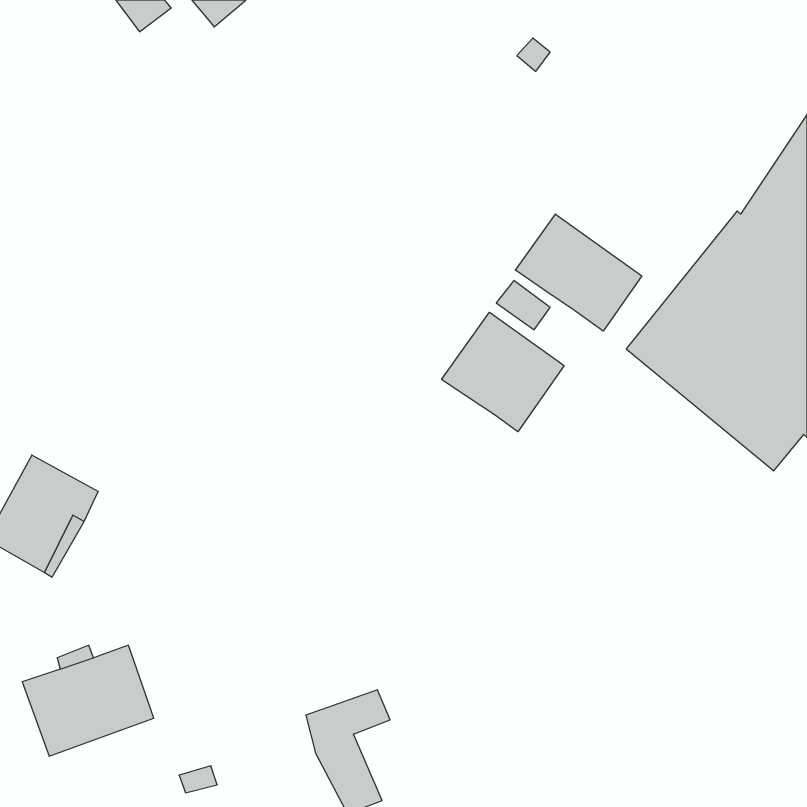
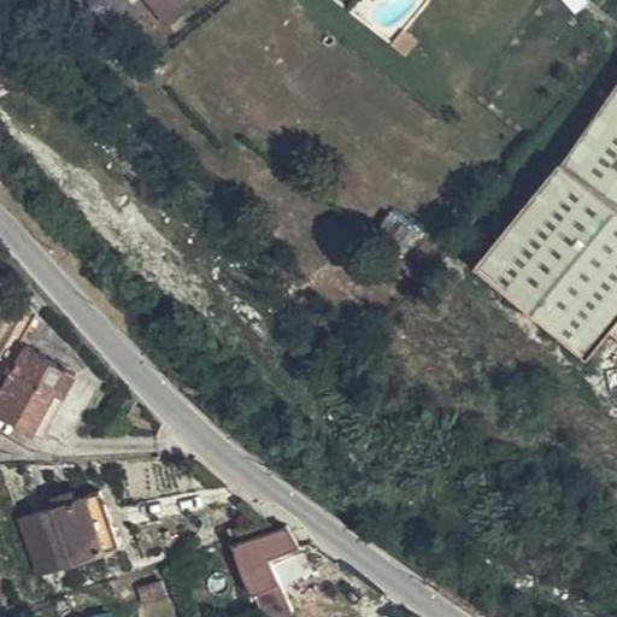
building: [515,214,642,331] -> none
building: [442,312,564,432] -> none

